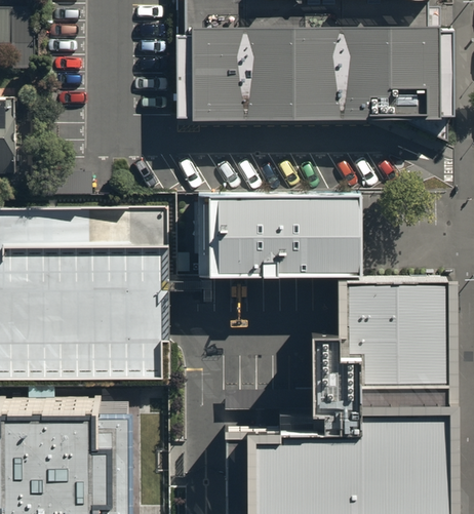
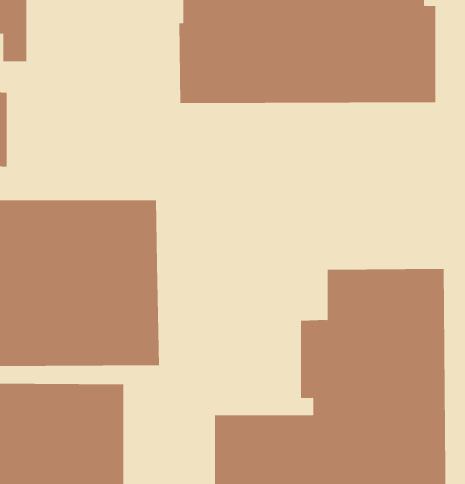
building: [192,200,357,281] -> none

